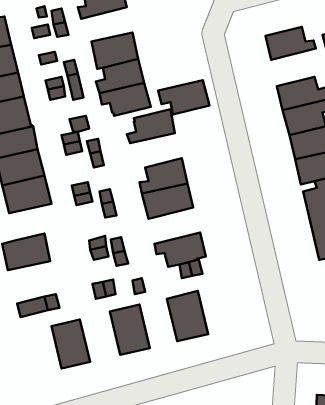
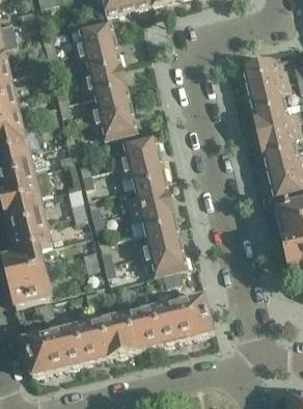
building: none -> [75,40,121,71]
building: none -> [247,78,292,112]
building: [158,80,210,115] -> [119,155,166,186]
building: none -> [9,219,54,252]
building: none -> [138,222,183,255]
building: none -> [8,271,53,305]
building: none -> [181,294,214,337]
building: none -> [128,305,162,350]
building: none -> [74,317,110,362]
building: none -> [23,324,57,375]

